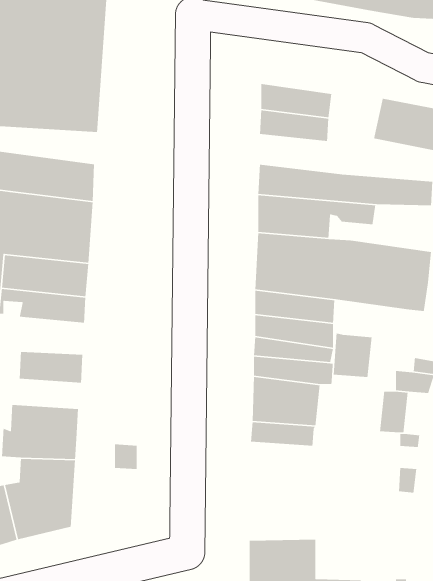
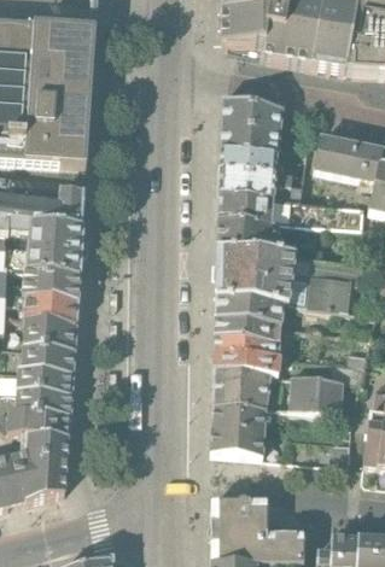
building: none -> [221,97,282,133]
building: none -> [220,166,293,199]
building: none -> [23,317,76,347]
building: [333,333,372,378] -> [290,374,322,411]
building: none -> [16,367,74,392]
building: none -> [211,420,264,455]

